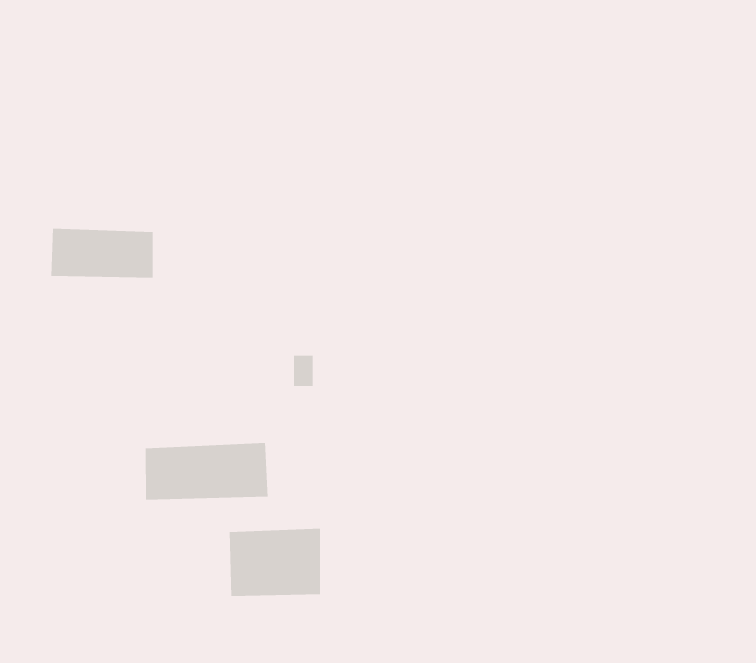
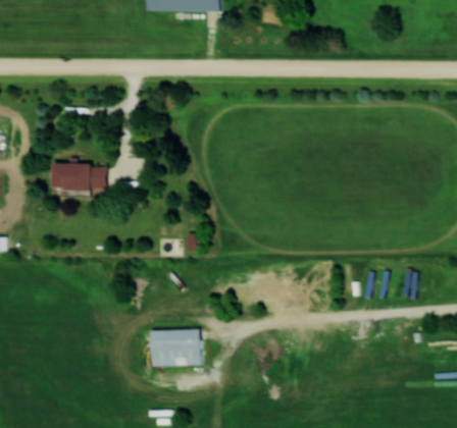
building: [145,442,268,501] -> none

